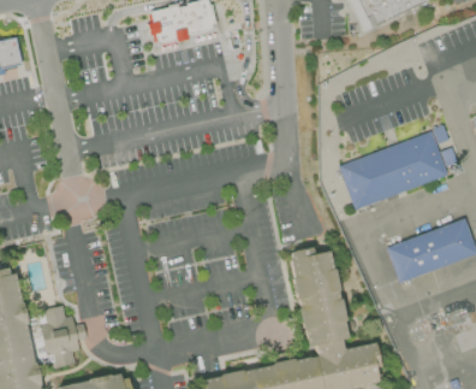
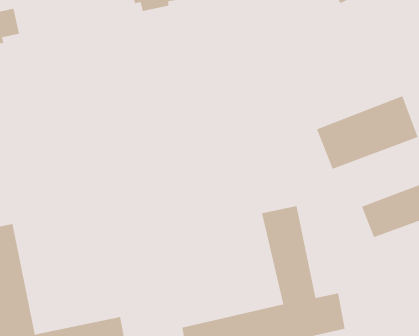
building: [38,303,84,363] -> none

